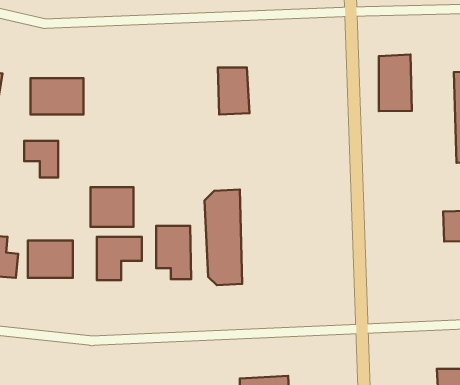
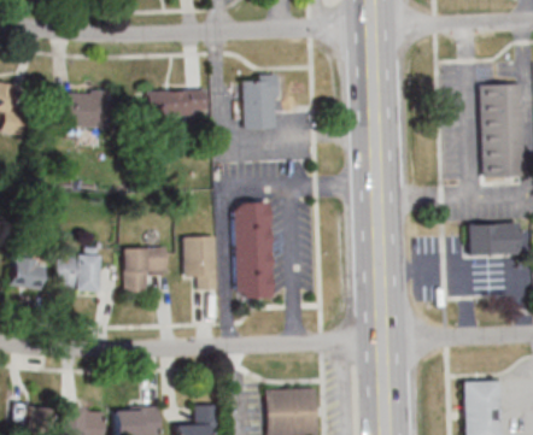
building: [379,55,412,111] -> none
building: none -> [150,90,209,117]
building: [24,141,58,177] -> none
building: [90,187,134,227] -> none

